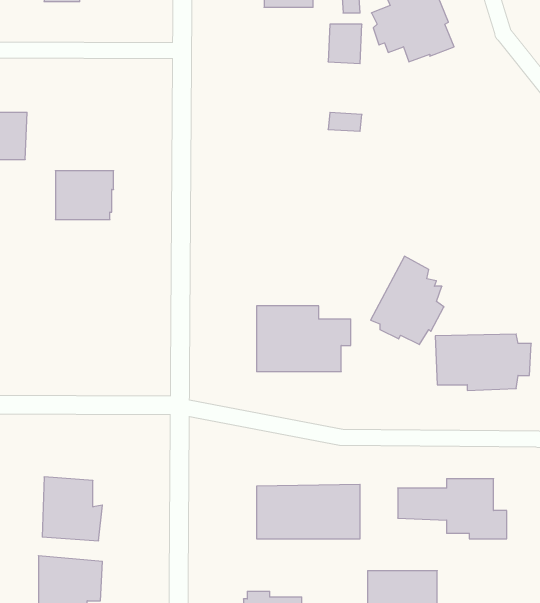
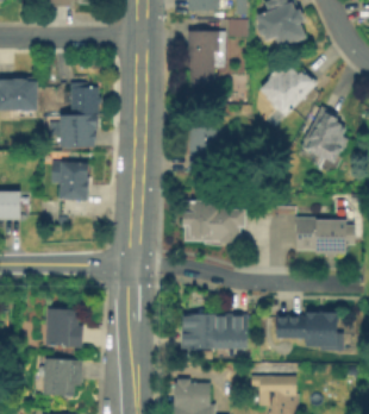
building: none -> [189,30,226,84]
building: none -> [263,65,317,115]
building: none -> [68,81,98,114]
building: none -> [189,128,215,170]
building: none -> [52,161,88,196]
building: [371,256,444,345] -> [304,106,350,162]

